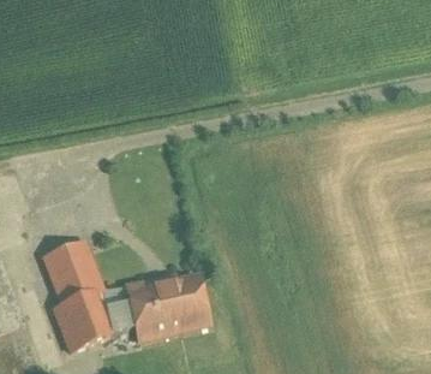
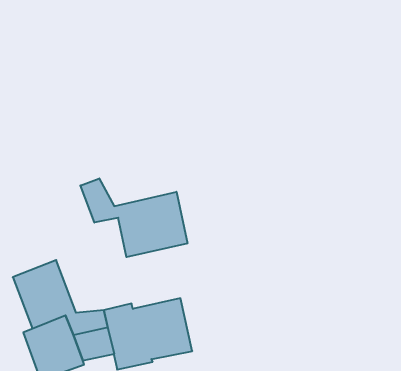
building: none -> [80,178,187,257]

